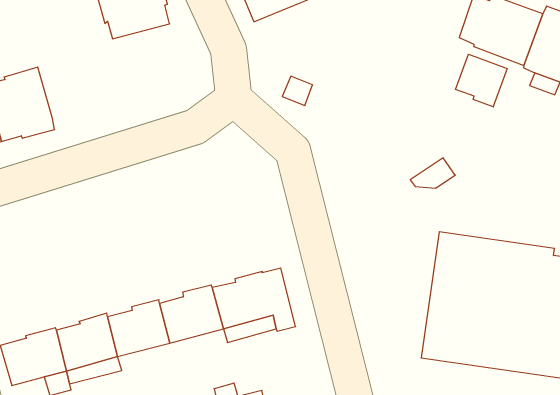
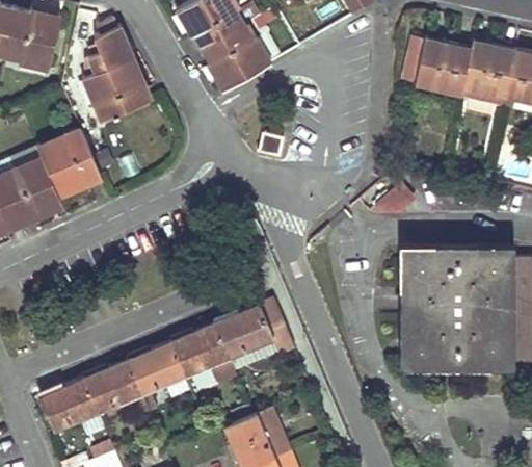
building: none -> [35,129,101,197]
building: [456,54,507,107] -> none

